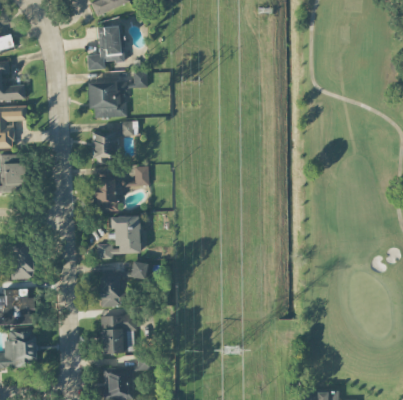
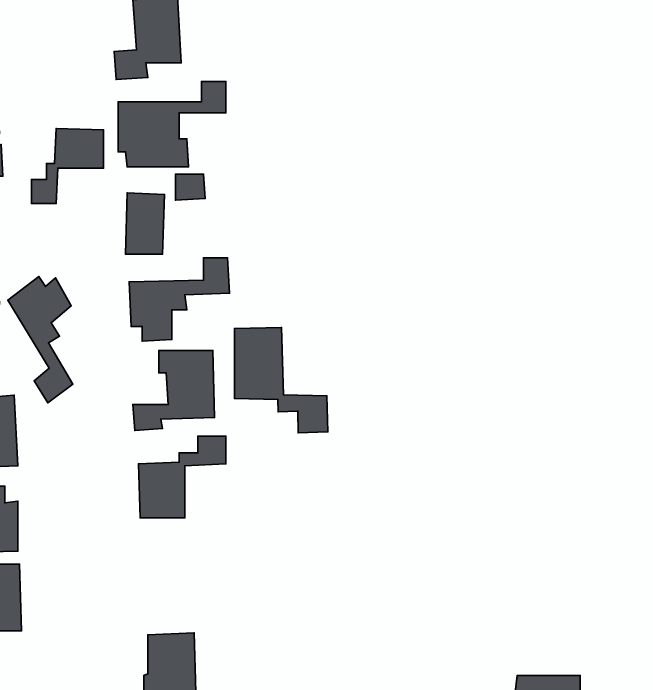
building: none -> [32,128,103,203]
building: none -> [8,276,73,403]
building: none -> [235,327,328,433]
building: [102,314,135,353] -> none

